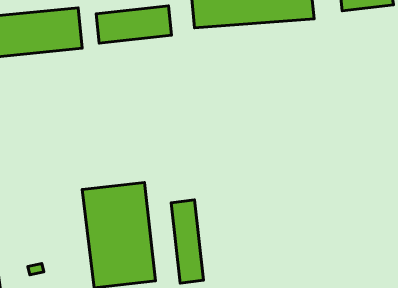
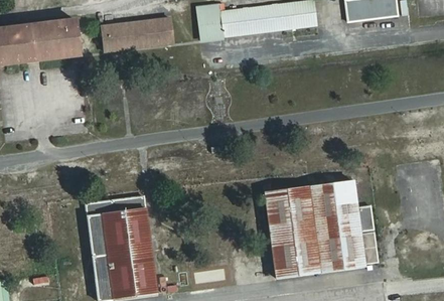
building: none -> [264,177,373,275]
building: [171,200,203,283] -> none

